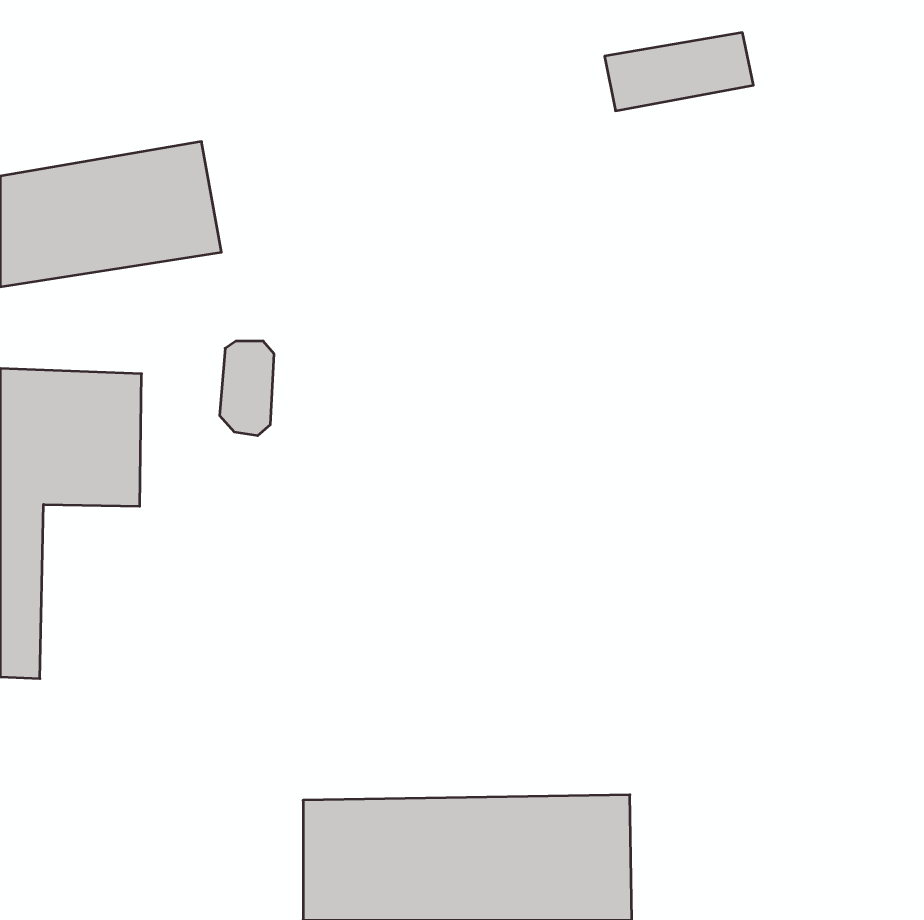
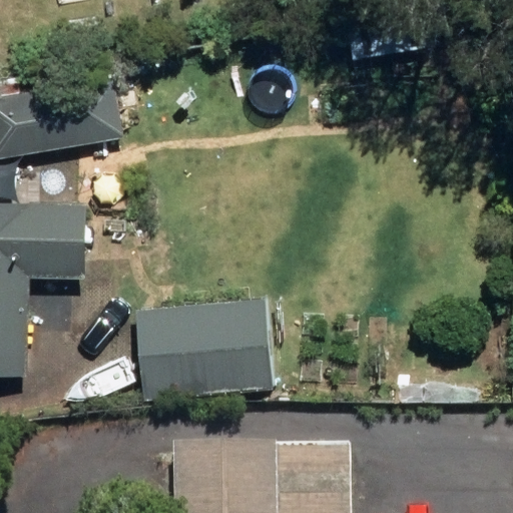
building: none -> [133,300,268,403]

